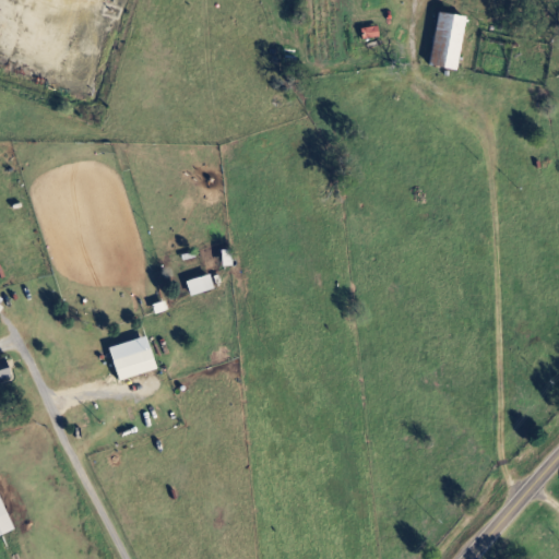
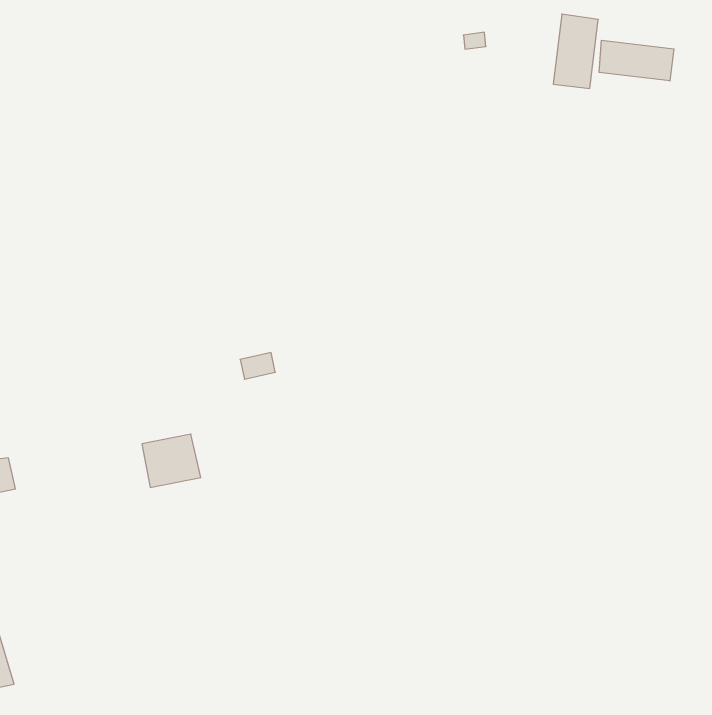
building: none -> [599,40,674,81]

